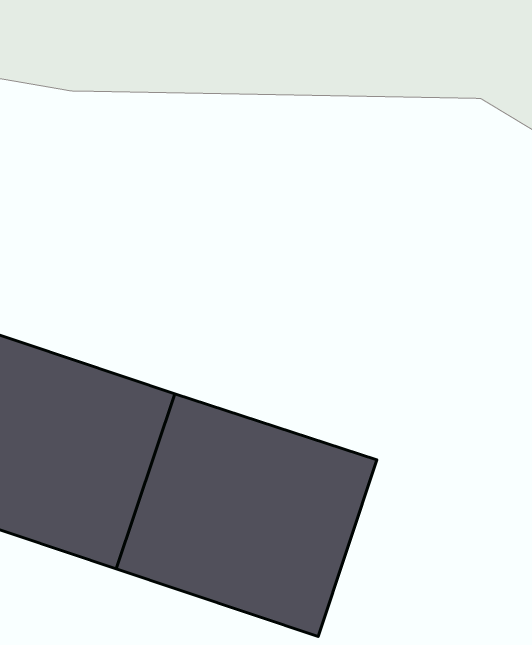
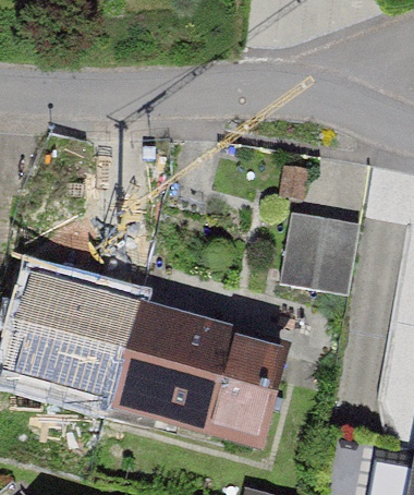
building: none -> [283,197,358,276]

